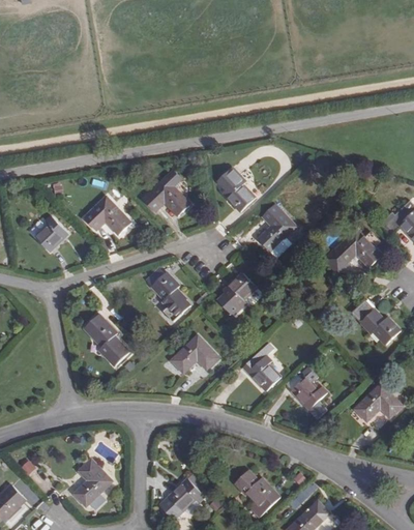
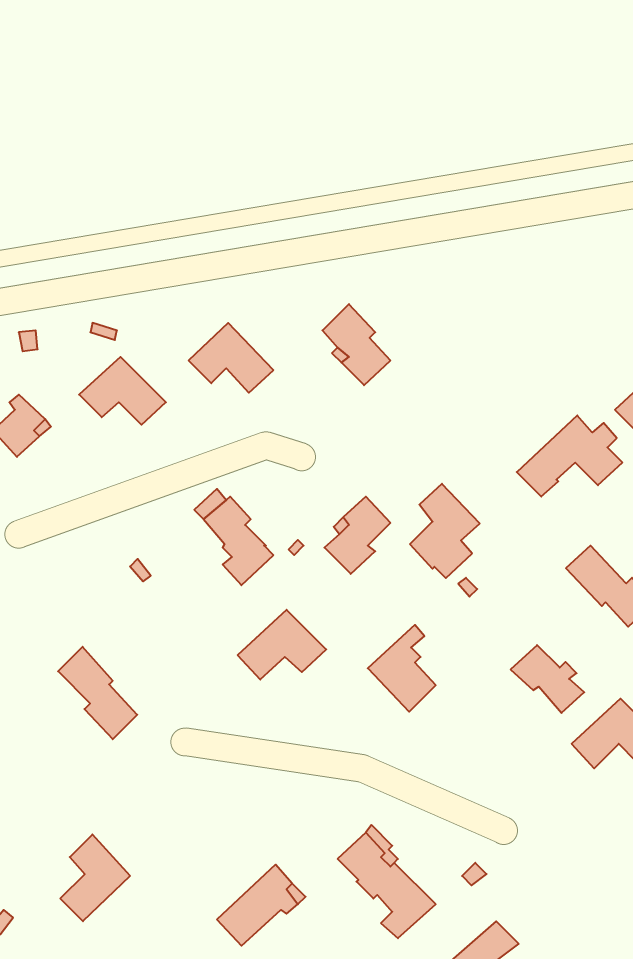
building: [258,205,296,257] -> [410,484,480,578]
building: [85,315,128,365] -> [58,647,137,739]
building: [291,378,331,415] -> [511,645,584,713]

